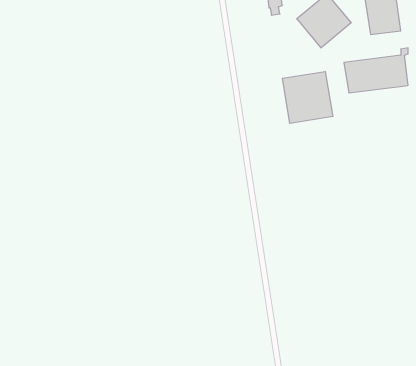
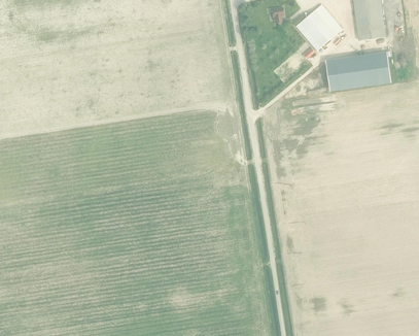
building: [282,71,333,123] -> none

